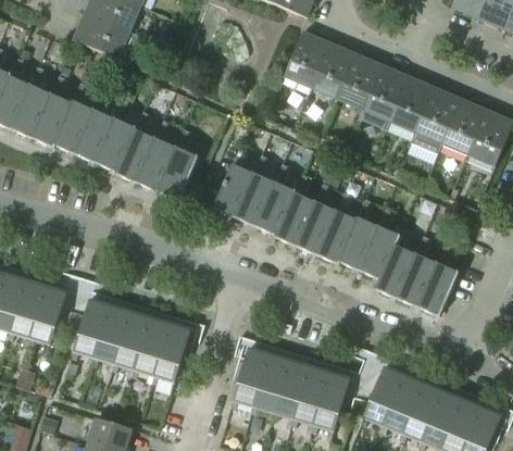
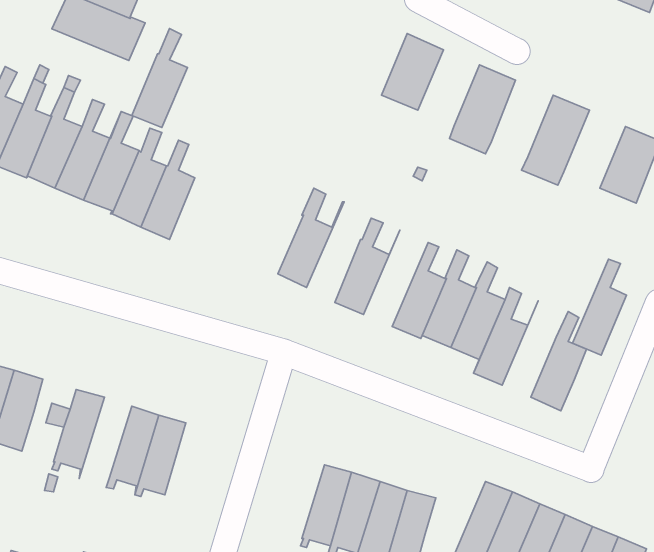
building: [280,30,328,92] -> none
building: [336,53,380,109] -> none
building: [389,75,434,130] -> none
building: [441,97,486,153] -> none
building: [157,127,197,199] -> [132,28,188,128]
building: [214,145,253,215] -> none
building: [255,163,295,236] -> none
building: [297,184,343,253] -> none
building: [397,235,436,304] -> [572,259,627,355]
building: [91,304,129,364] -> none
building: [151,323,189,383] -> none
building: [232,347,268,406] -> none

